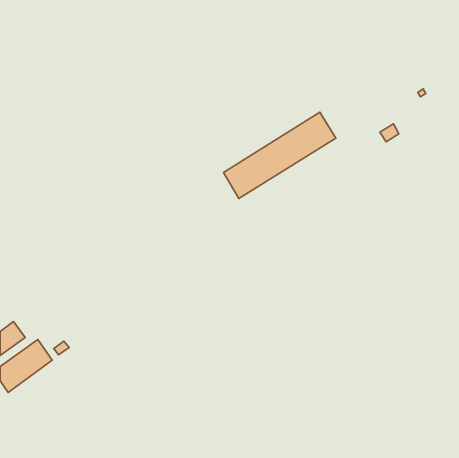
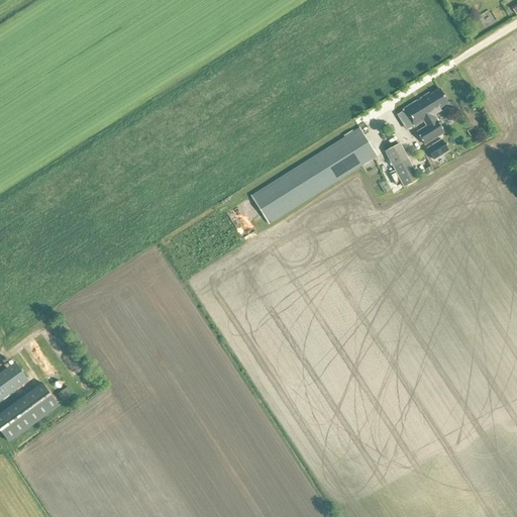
building: none -> [404,88,448,143]
building: none -> [385,142,418,186]

